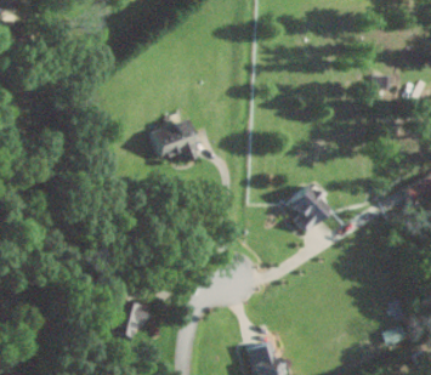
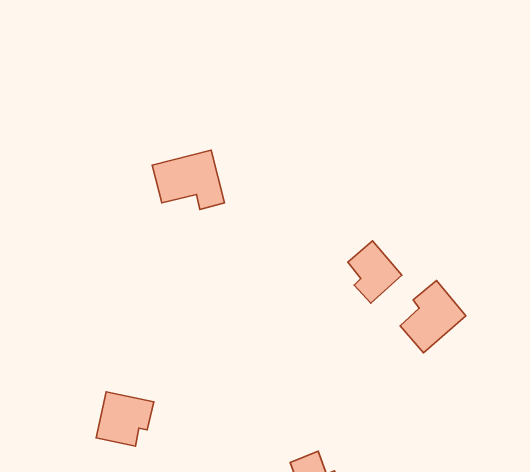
building: none -> [400,281,466,353]

